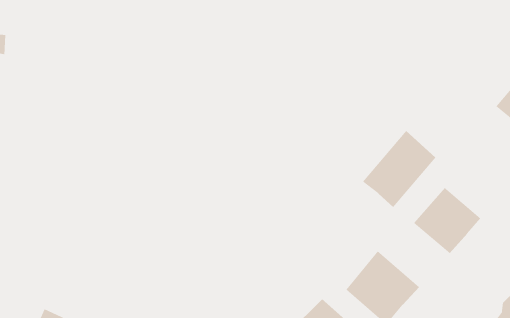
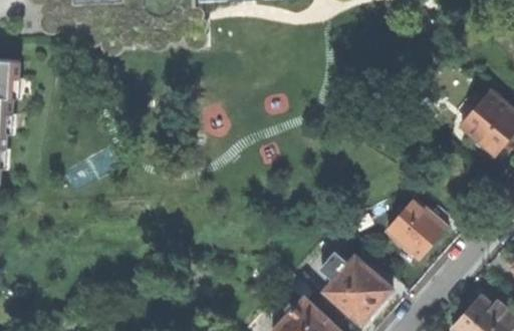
building: [362,130,436,208] -> none

